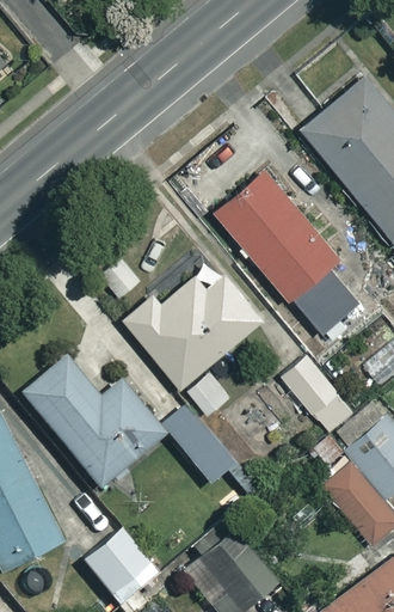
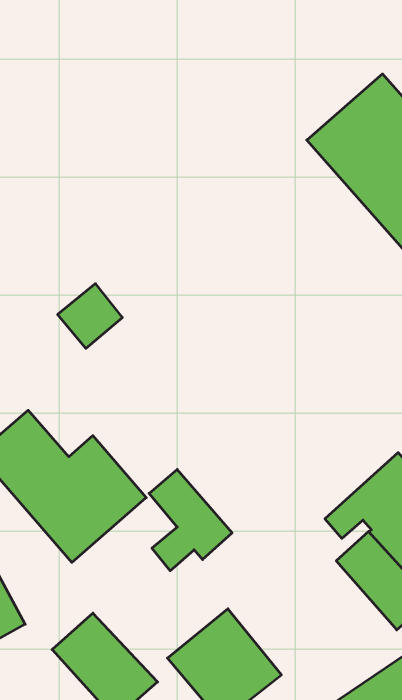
building: [214,171,361,336] -> none
building: [123,261,260,386] -> none
building: [283,356,357,434] -> none

